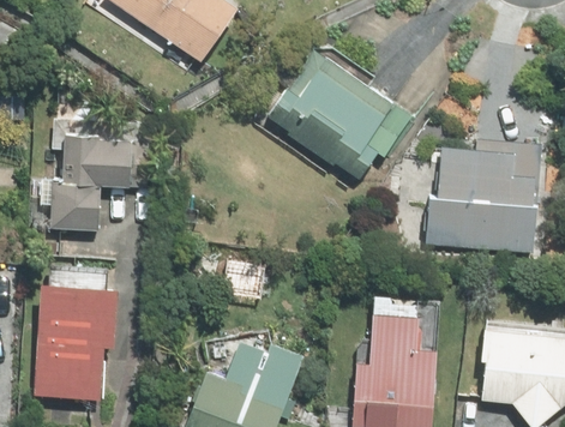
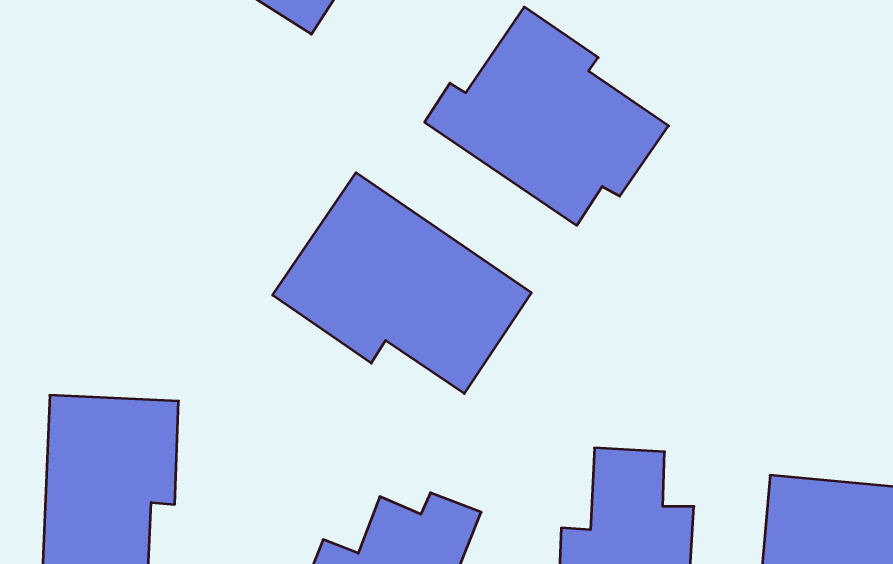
building: [53,133,133,233] -> none
building: [426,138,546,251] -> none
building: none -> [273,173,531,394]

